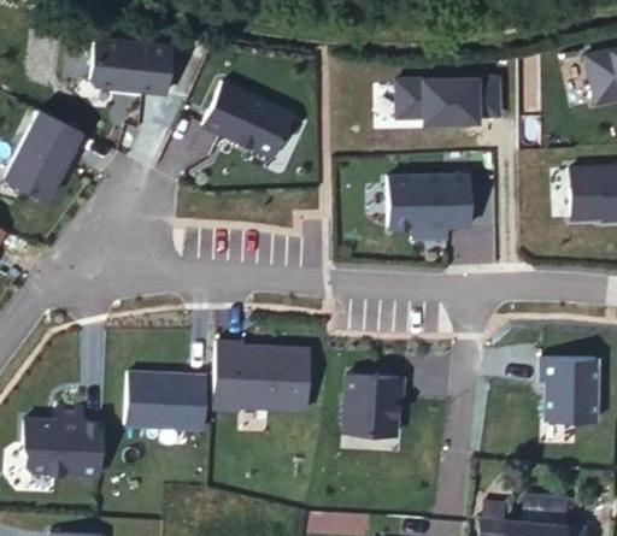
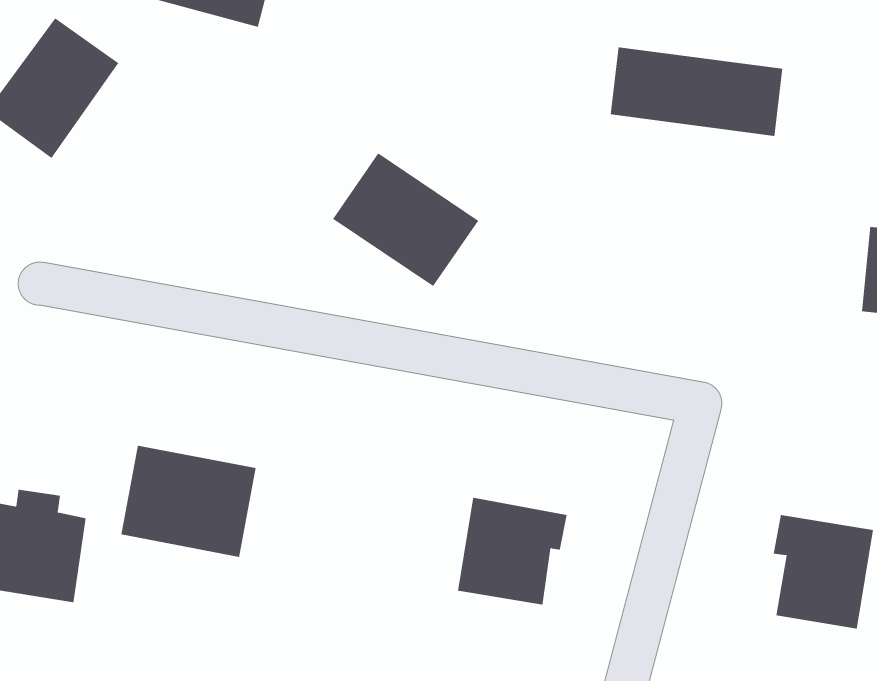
building: [204,81,296,160] -> [332,153,479,287]
building: [390,175,471,242] -> none
building: [215,338,310,413] -> none

